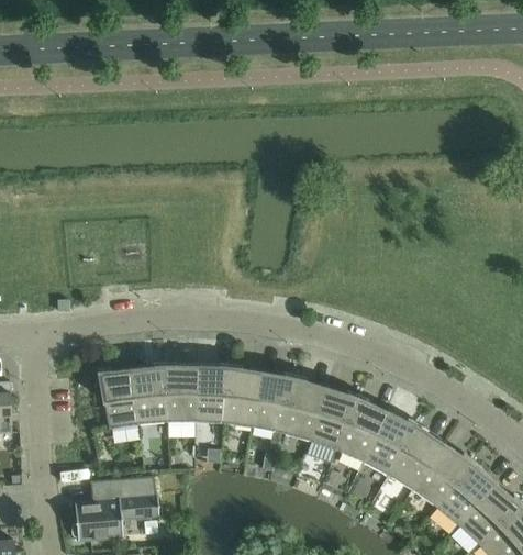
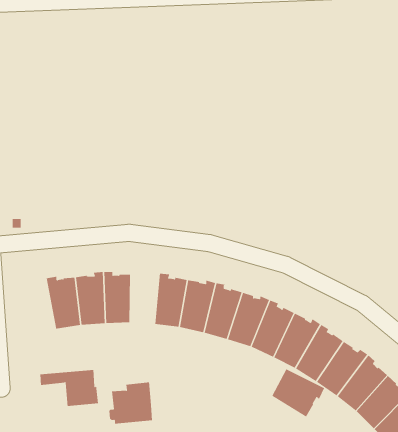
building: [196,364,230,424] -> none
building: none -> [272,369,325,418]
building: [71,492,123,542] -> [108,382,153,424]

